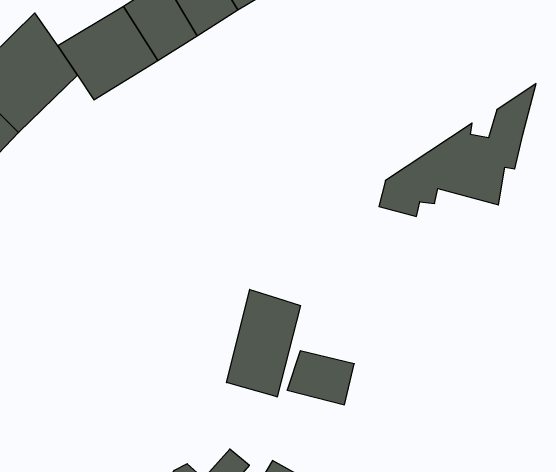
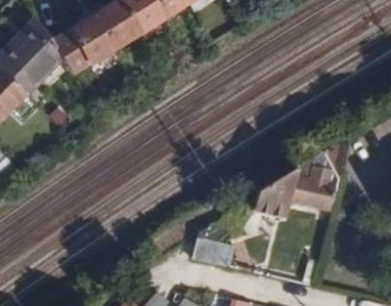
building: [379,84,536,216] -> [252,135,350,218]
building: [227,289,300,397] -> none

